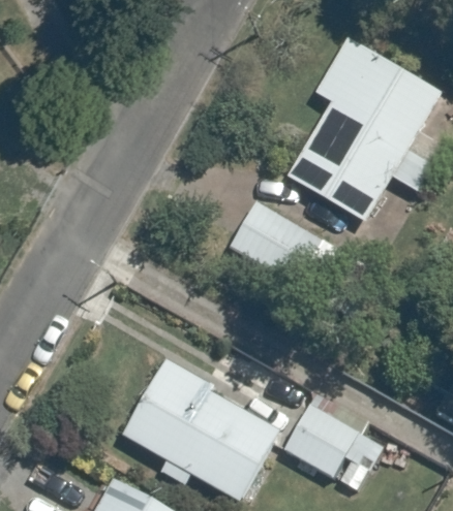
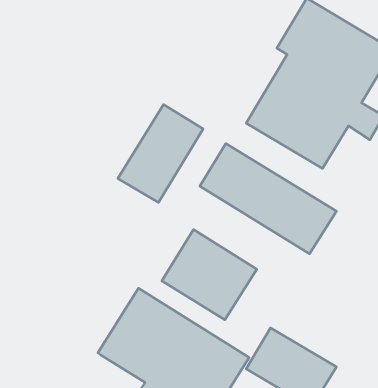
building: none -> [118,105,203,202]
building: none -> [162,229,257,320]

